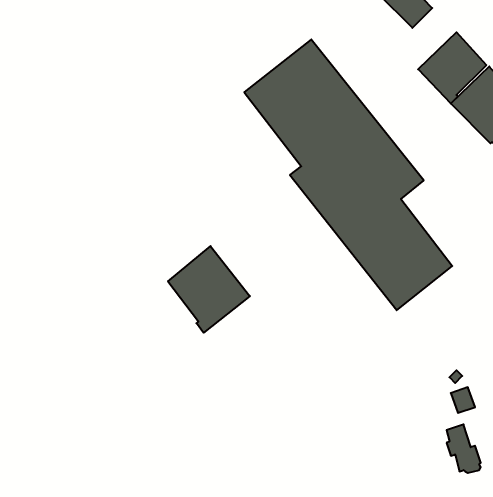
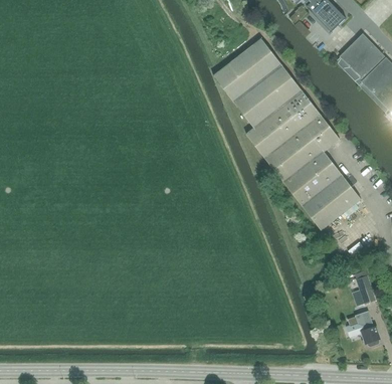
building: [168,246,250,333] -> none

